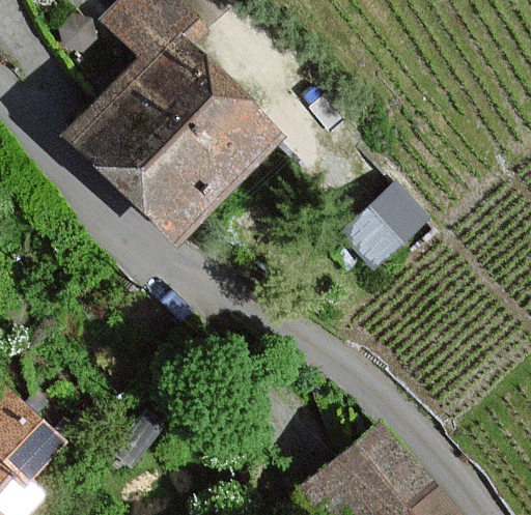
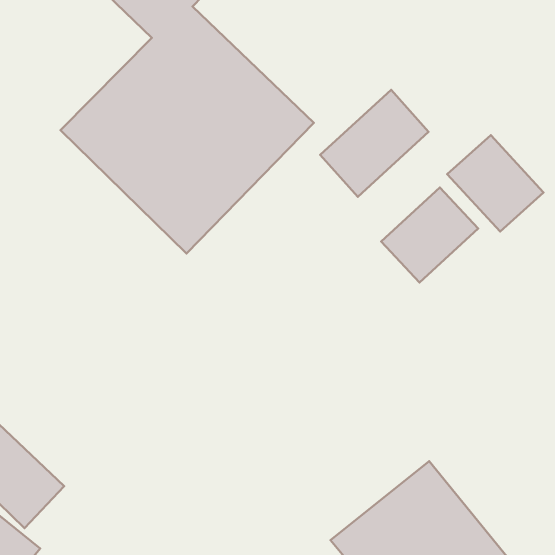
building: none -> [320,90,429,197]
building: none -> [447,135,544,232]

